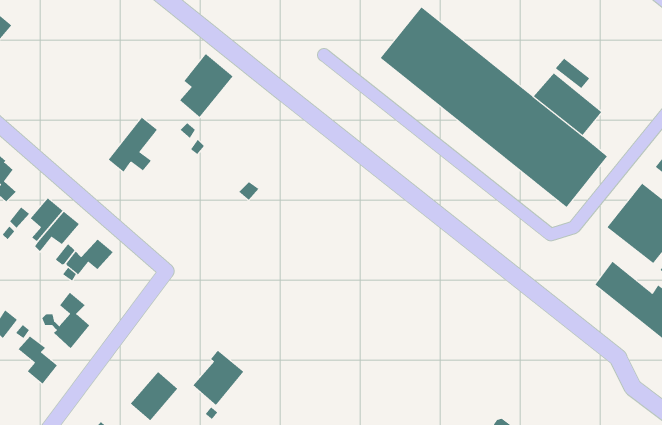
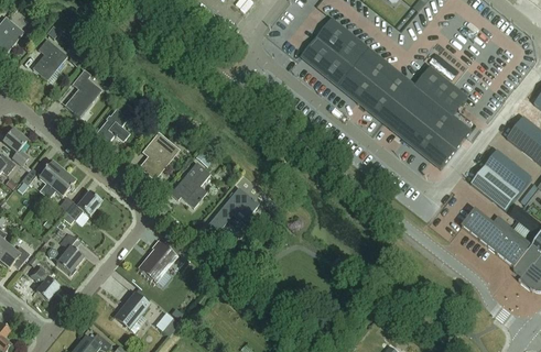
building: none -> [33,39,67,79]
building: [179,53,234,118] -> [139,131,180,179]
building: none -> [64,69,101,117]
building: none -> [170,162,209,207]
building: none -> [207,187,258,232]
building: [193,350,244,406] -> [139,240,177,282]

